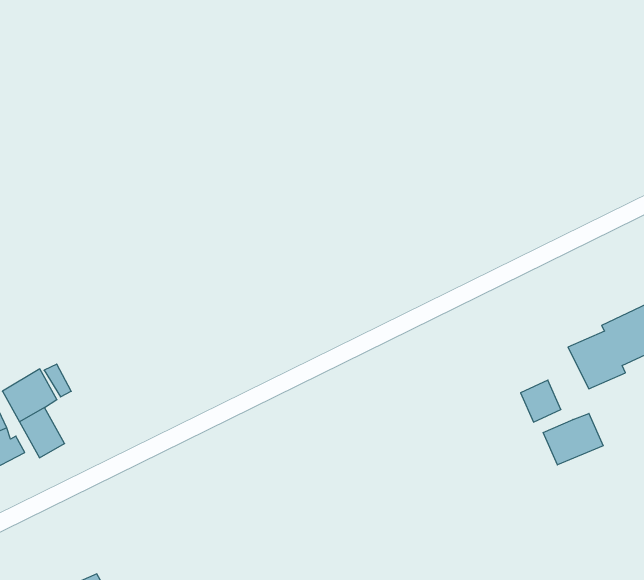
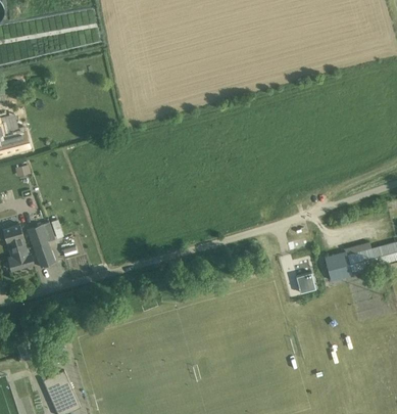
building: [543,413,603,465] -> none

